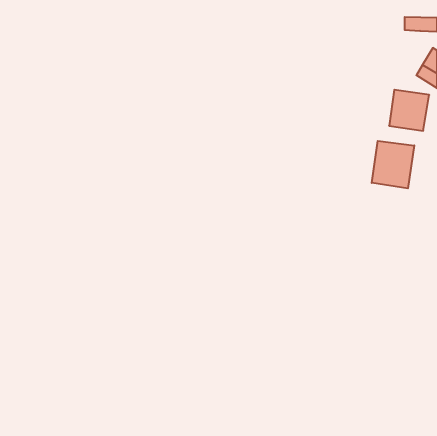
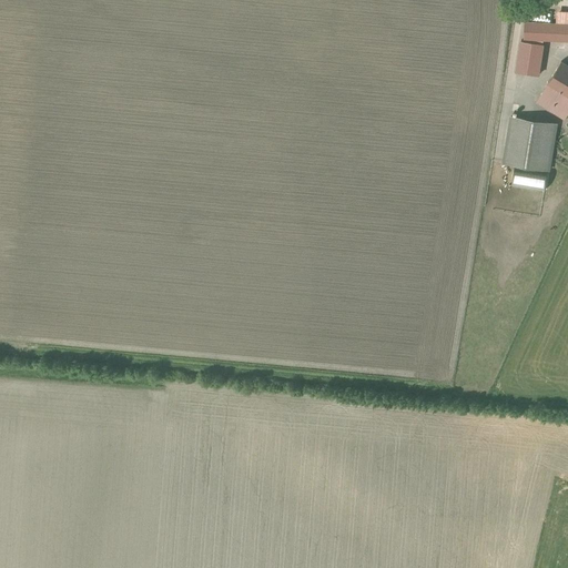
building: none -> [517,40,545,77]
building: [372,141,414,188] -> none

